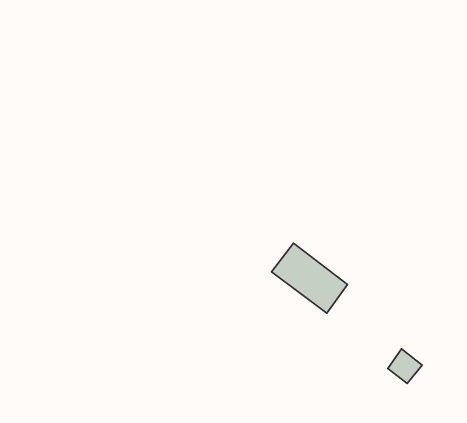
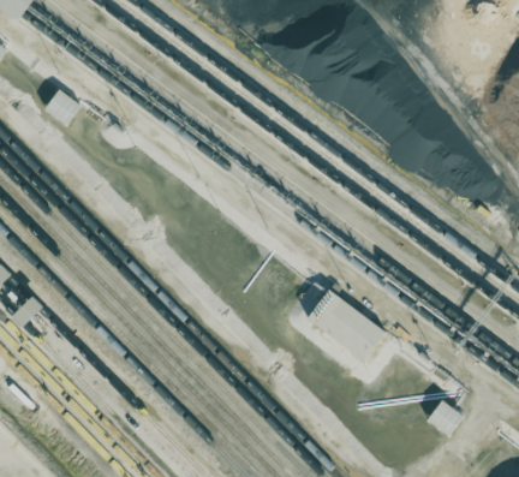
building: none -> [41,88,78,124]

